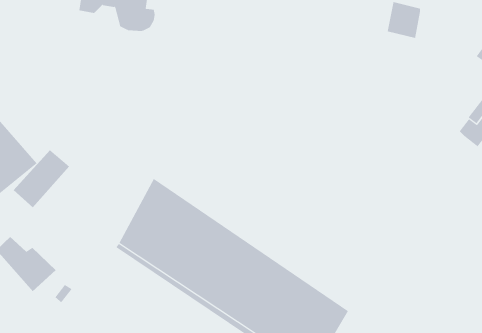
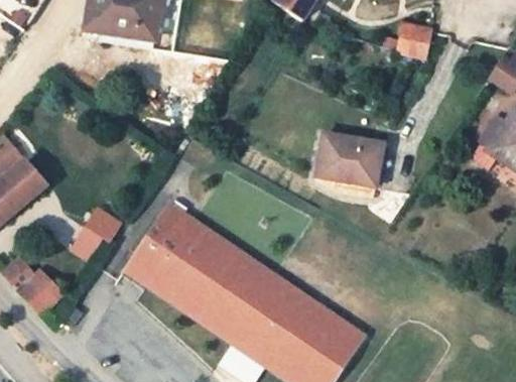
building: none -> [314,134,381,186]
building: [13,149,70,208] -> [69,205,126,264]

